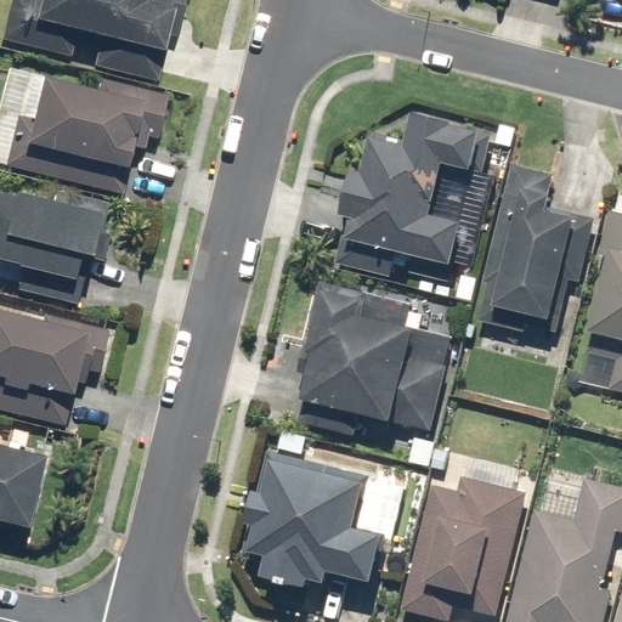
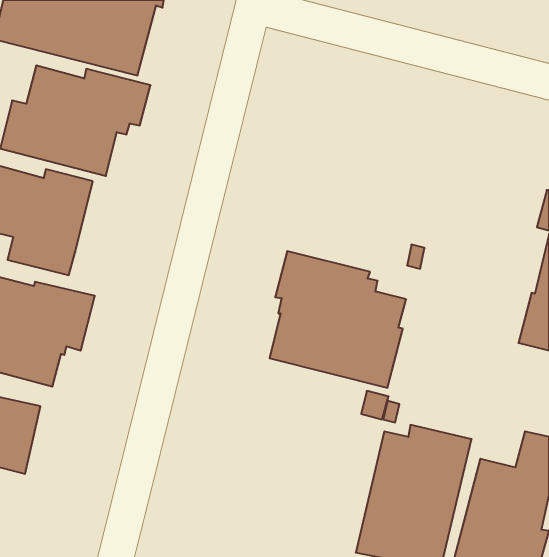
building: [330,107,492,277] -> none
building: [477,166,593,333] -> none
building: [248,449,385,584] -> none

